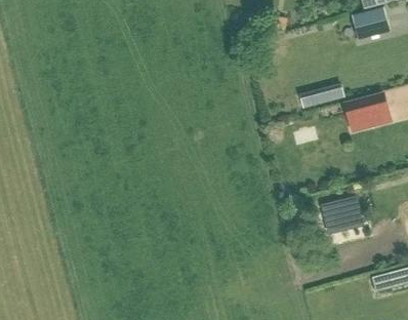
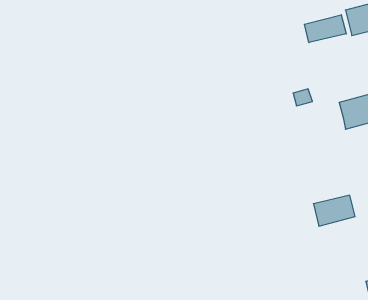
building: none -> [304,15,346,43]

